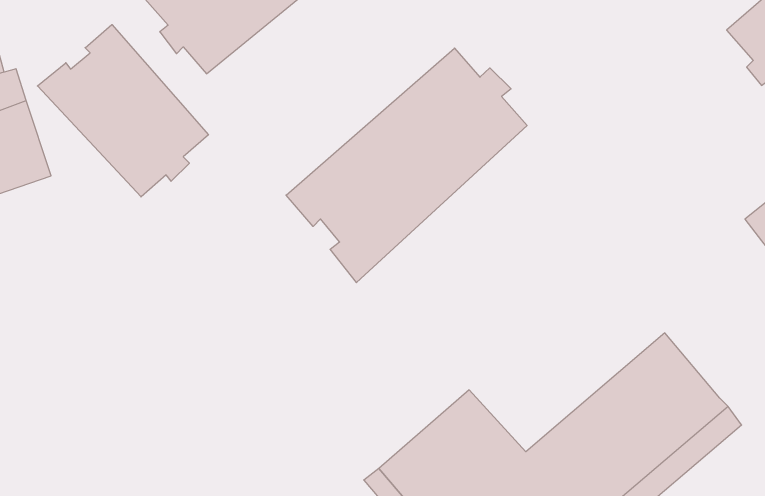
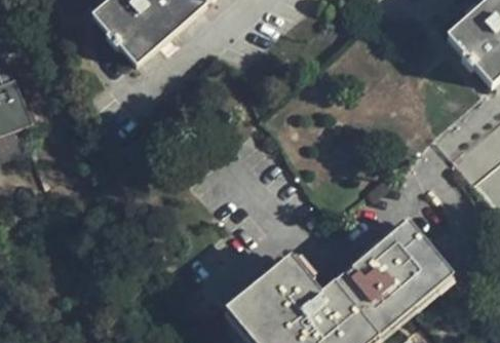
building: [37,25,208,197] -> none
building: [286,48,527,283] -> none

